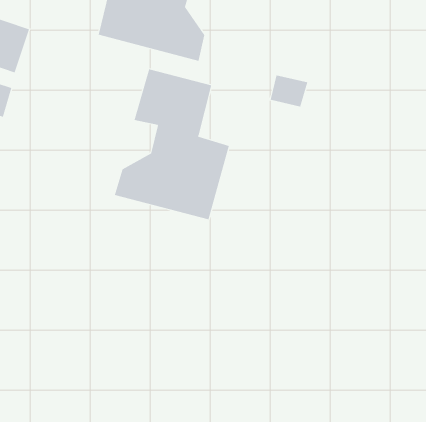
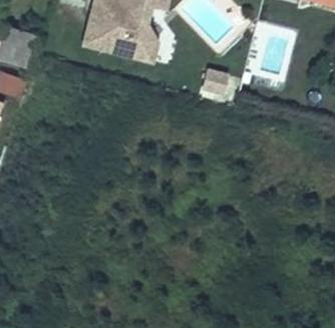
building: [114,68,230,220] -> none

